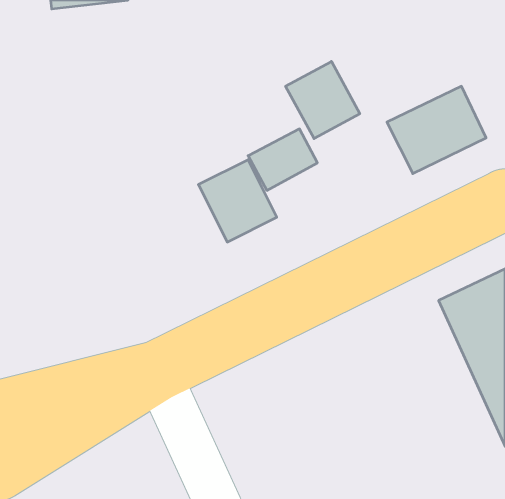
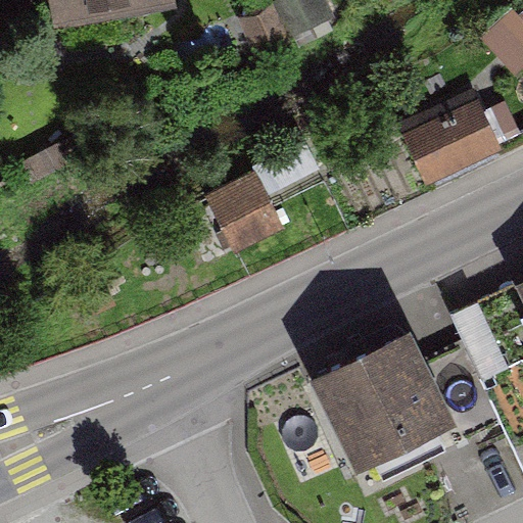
building: [286,61,360,139] -> none
building: none -> [314,334,454,469]

